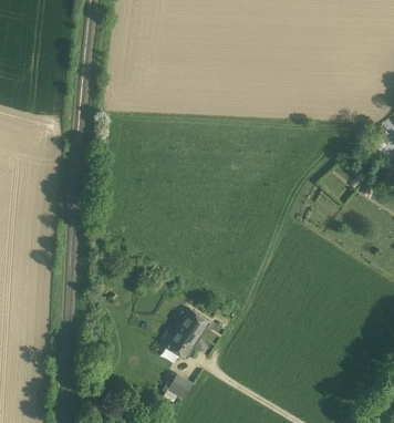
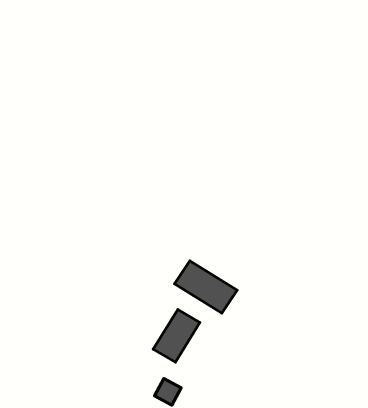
building: none -> [175,261,237,313]

